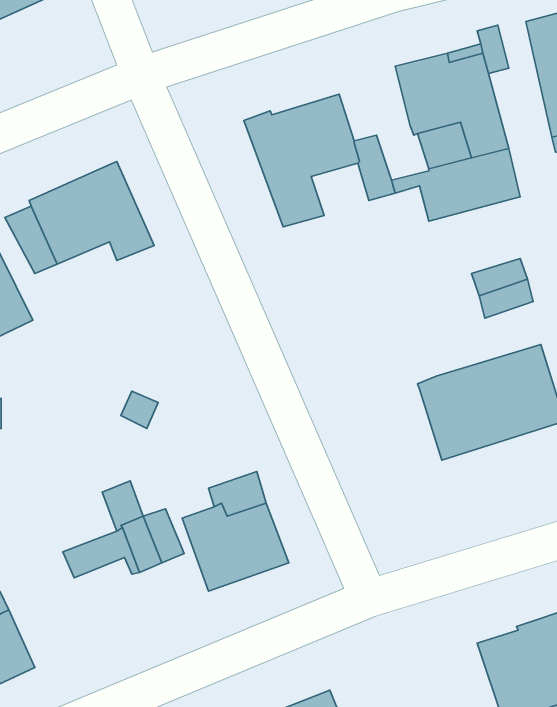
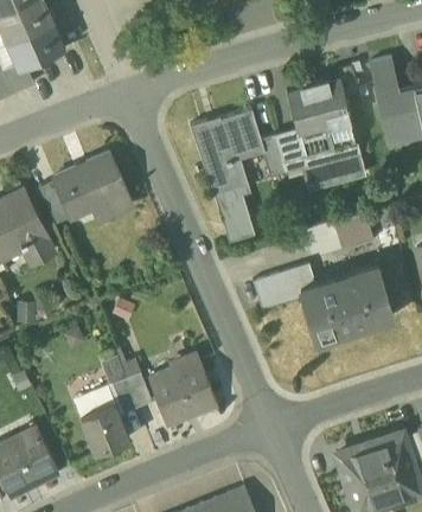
building: none -> [274,130,307,165]
building: none -> [215,187,255,242]
building: none -> [252,265,312,309]
building: none -> [82,404,128,453]

